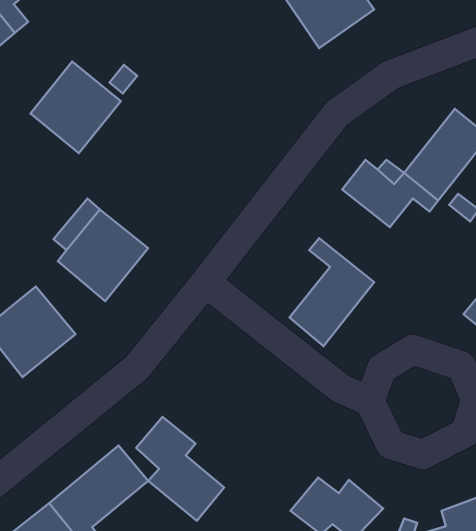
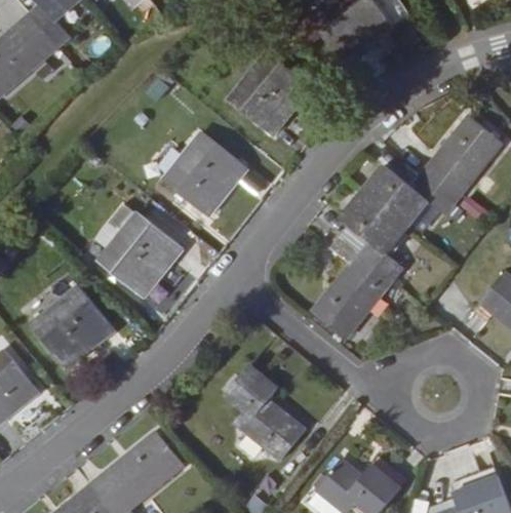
building: none -> [227,51,310,134]
building: [30,62,121,153] -> [162,130,246,215]
building: none -> [341,193,406,279]
building: [136,417,224,521] -> [223,365,305,462]

